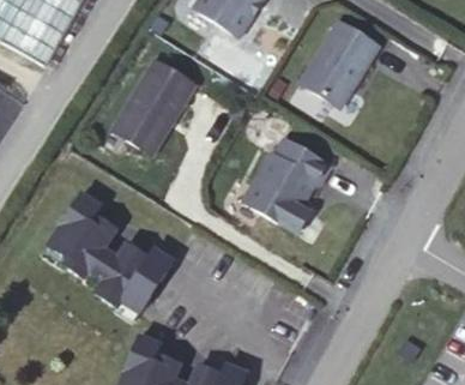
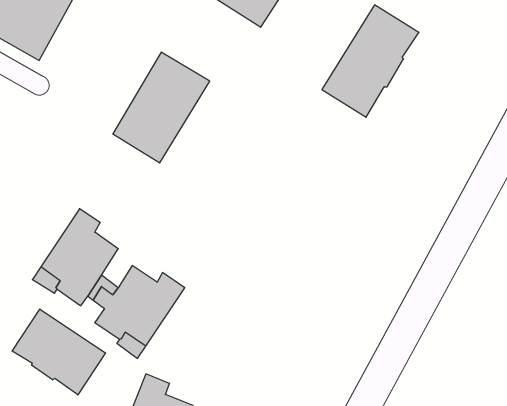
building: [243,137,332,229] -> none
building: none -> [12,309,106,395]

